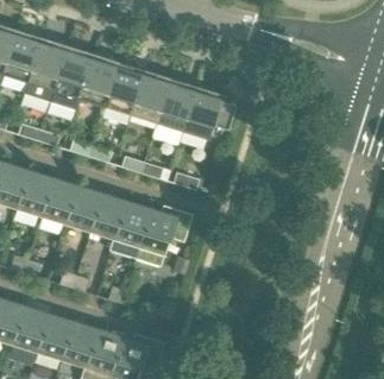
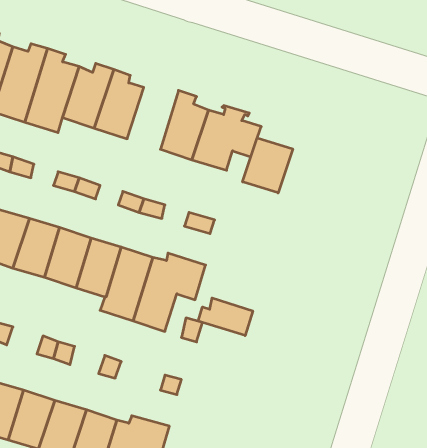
building: [130,71,170,122] -> none
building: none -> [243,138,293,193]
building: none -> [198,298,253,336]

